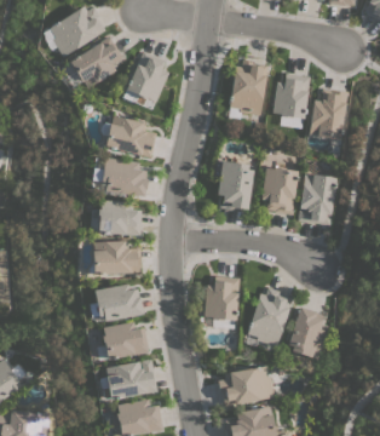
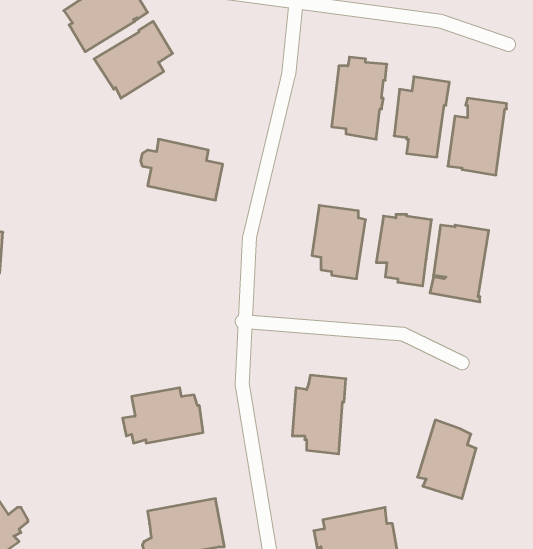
building: [123,51,169,107] -> none
building: [92,157,148,197] -> none
building: [91,200,142,236] -> none
building: [92,241,142,275] -> none
building: [246,288,293,348] -> none
building: [102,322,149,360] -> none

